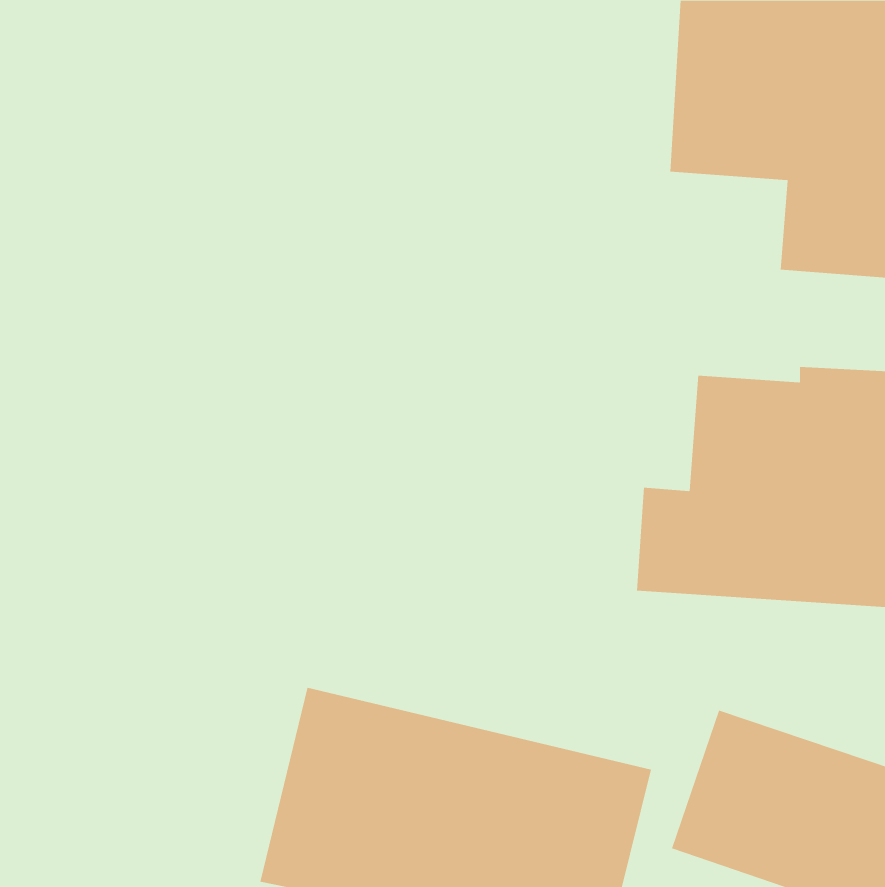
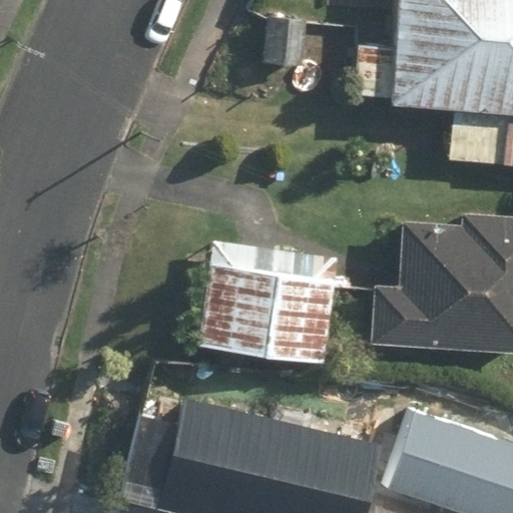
building: none -> [201,241,336,361]

